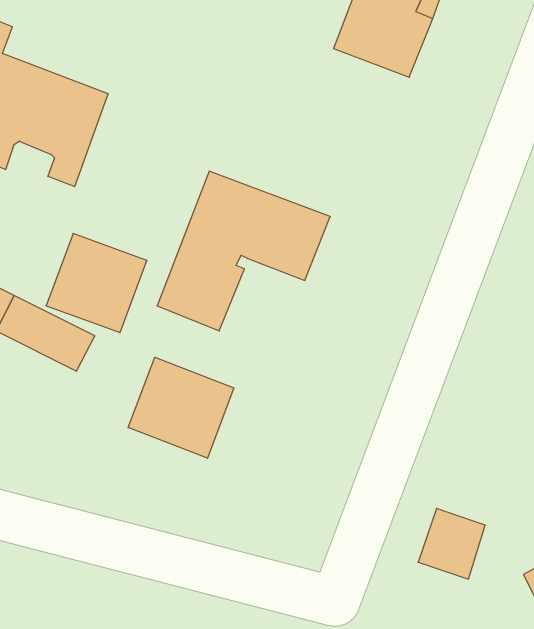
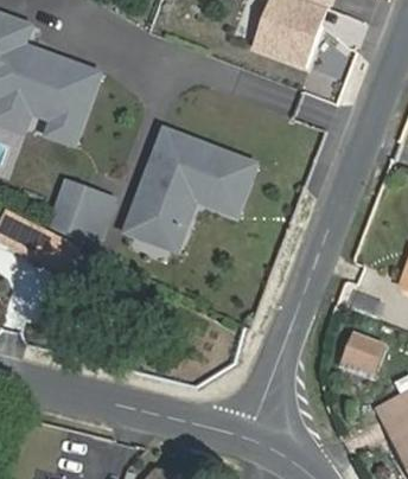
building: [128,357,234,458] -> none
building: [418,508,485,579] -> [338,328,385,378]

